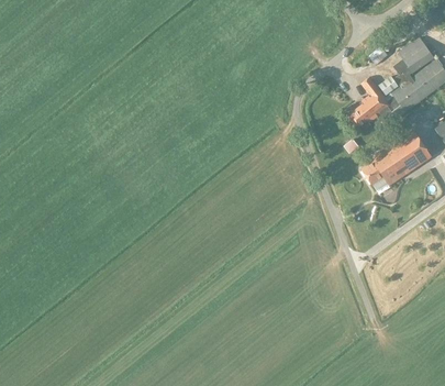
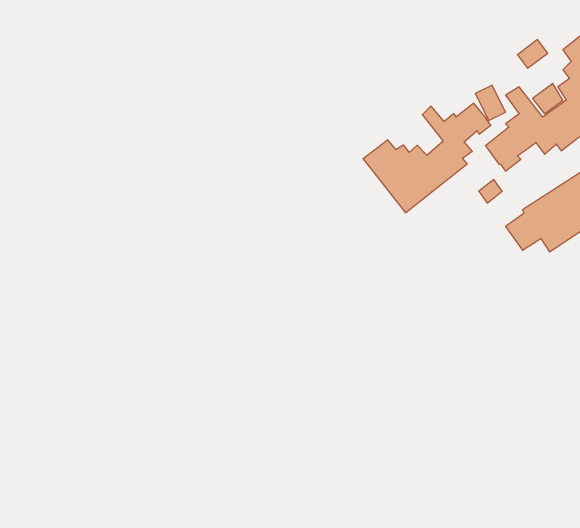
building: none -> [363,103,491,213]

